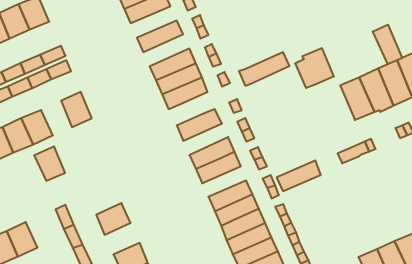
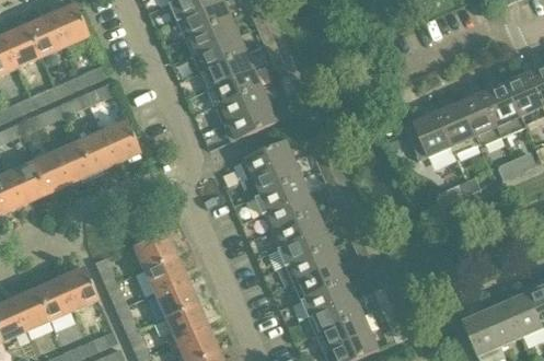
building: none -> [185,18,241,56]
building: [373,25,402,64] -> none
building: none -> [200,51,256,91]
building: [295,48,334,88] -> [406,114,453,162]
building: [239,52,290,86] -> [242,160,303,200]
building: [34,146,65,181] -> [77,132,114,174]
building: [277,160,321,191] -> [271,211,325,248]
building: none -> [132,232,174,270]
building: none -> [58,268,96,310]
building: none -> [153,280,196,318]

